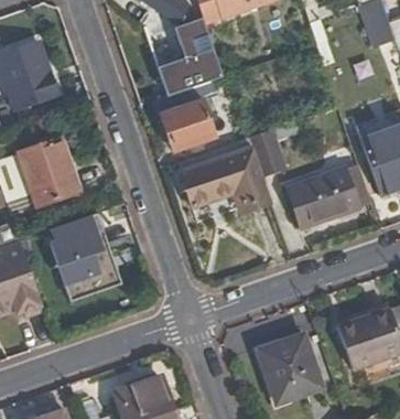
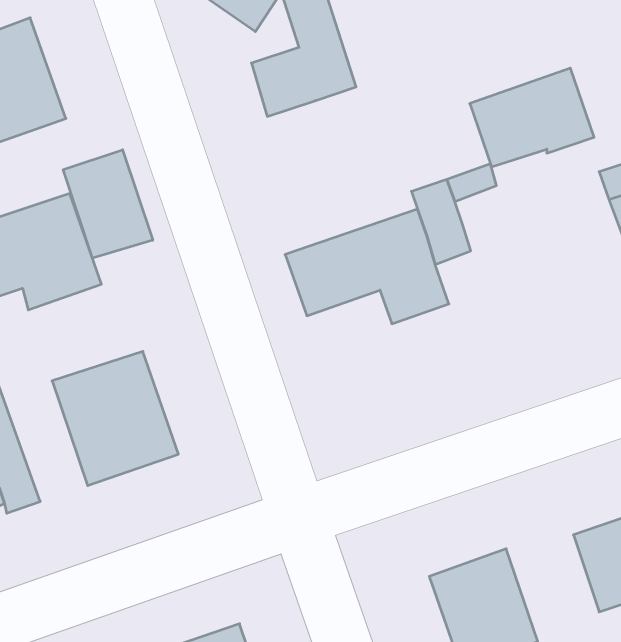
building: [154,85,213,148] -> none
building: none -> [63,150,153,258]
building: [289,168,358,223] -> [470,68,594,167]

